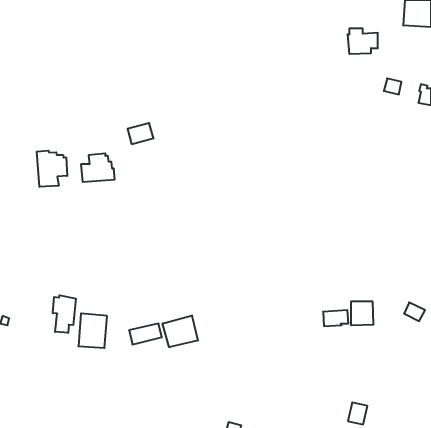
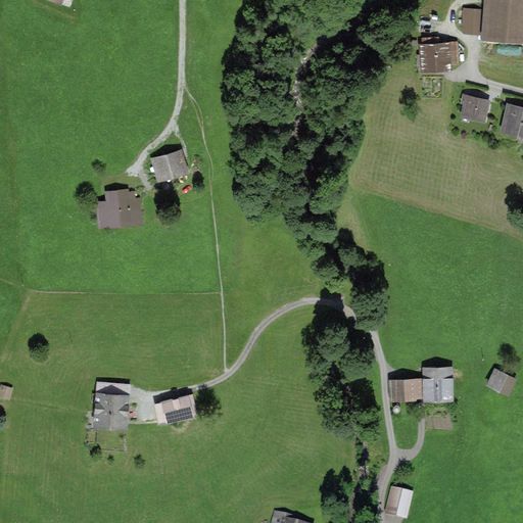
building: none -> [464,10,485,33]
building: [37,151,67,187] -> none
building: [53,295,76,333] -> none
building: [163,315,198,347] -> none
building: [348,403,367,424] -> [388,489,412,516]

